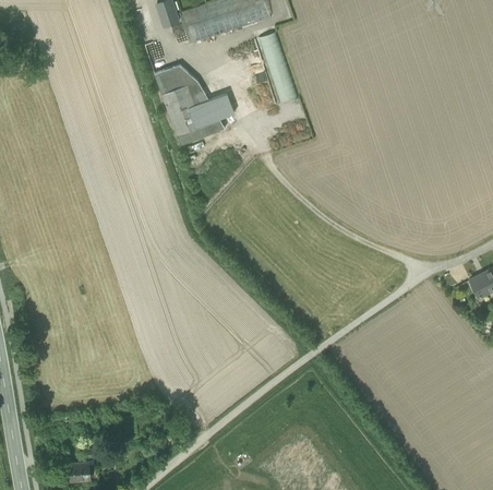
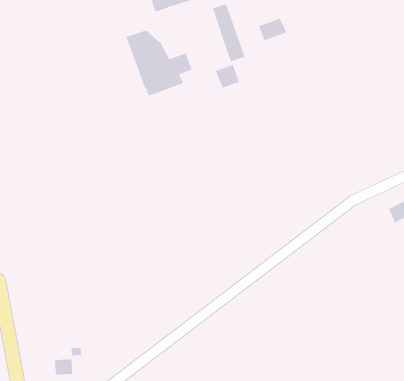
building: none -> [259,18,287,41]
building: none -> [215,64,239,89]

